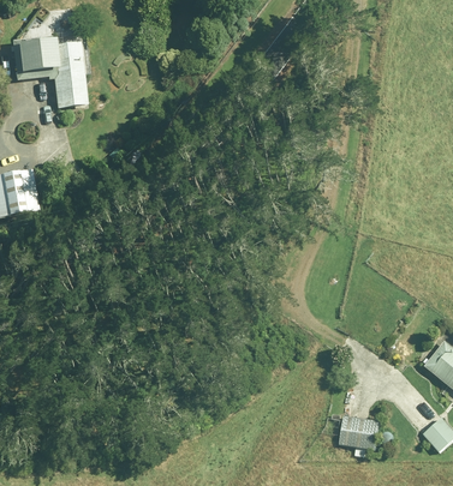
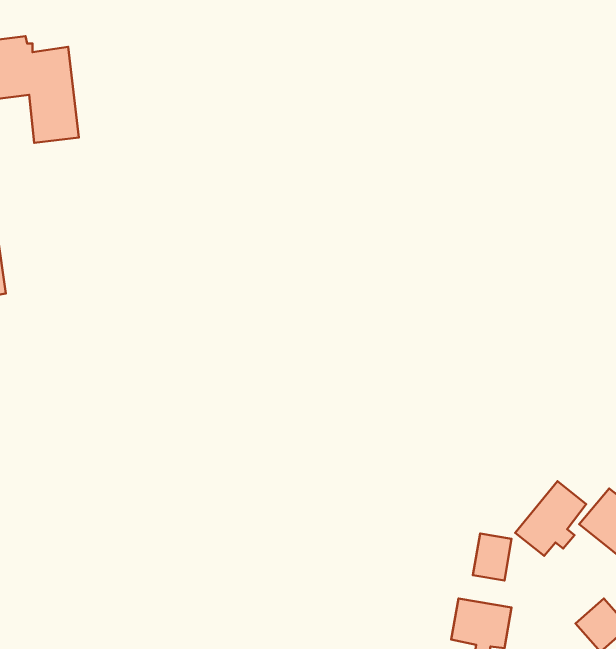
building: none -> [515,481,586,556]
building: none -> [473,534,512,581]

